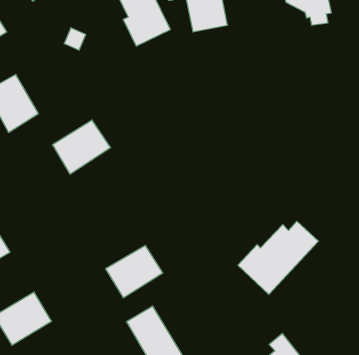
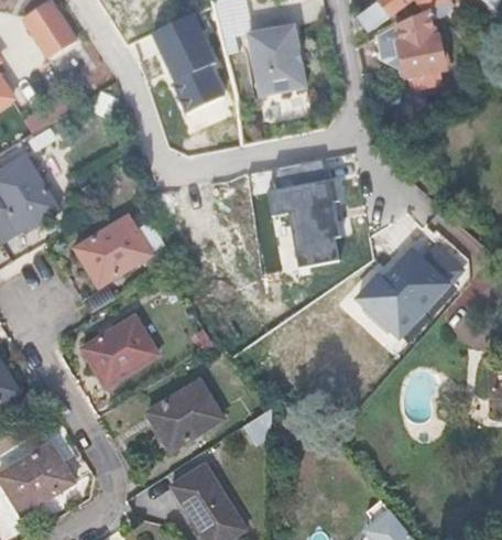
building: none -> [264,166,349,269]
building: none -> [81,314,159,384]
building: [238,221,319,294] -> [359,242,466,339]

